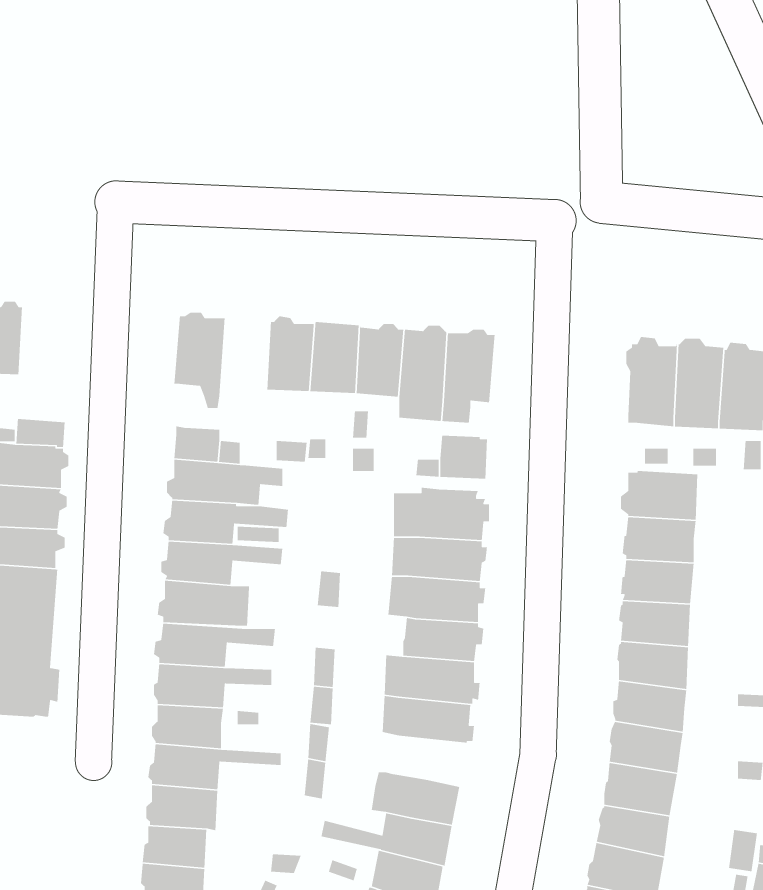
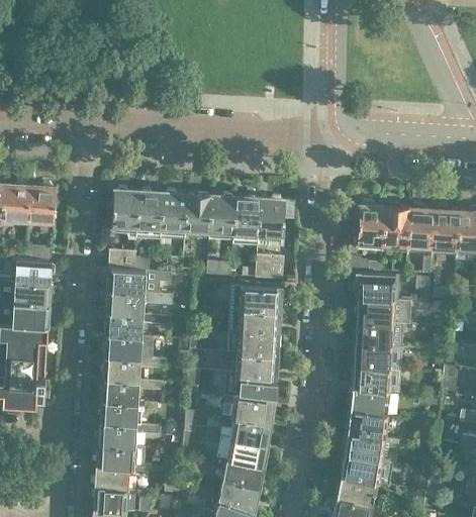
building: none -> [27,184,57,225]
building: none -> [135,190,164,242]
building: none -> [222,417,271,446]

